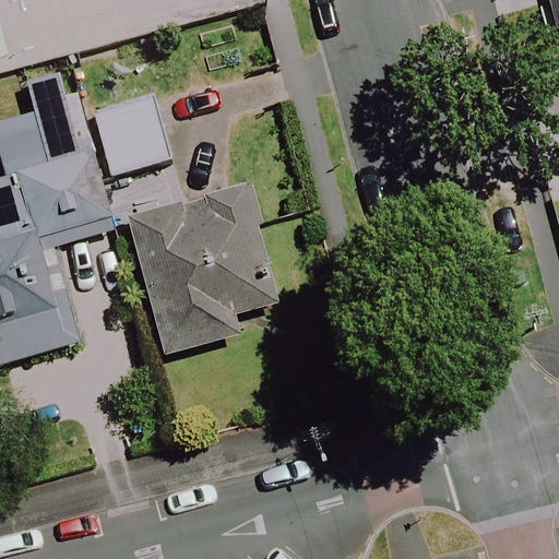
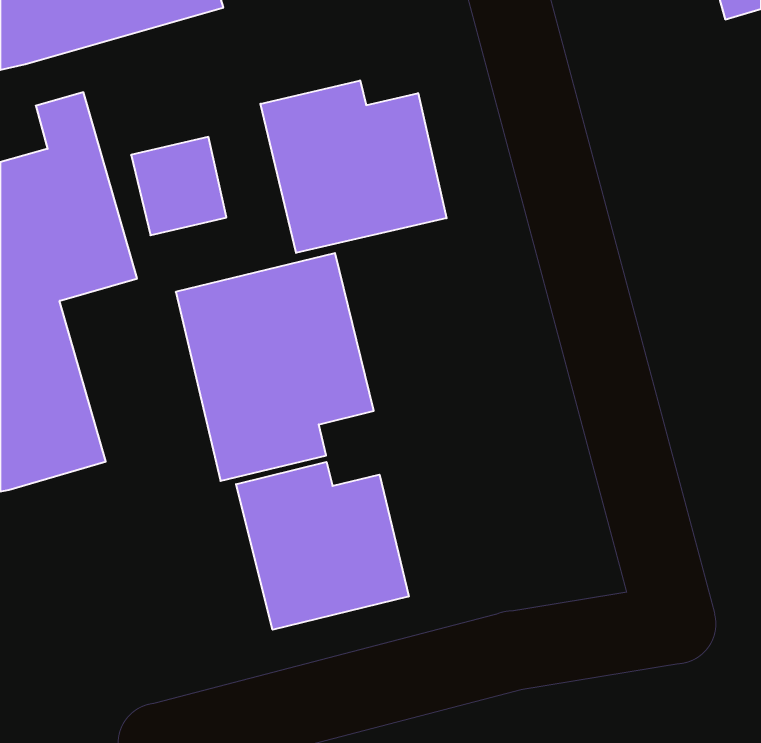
building: none -> [260,80,447,253]
building: none -> [236,462,409,630]

